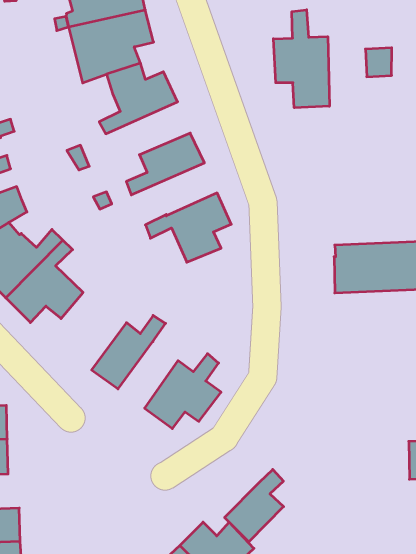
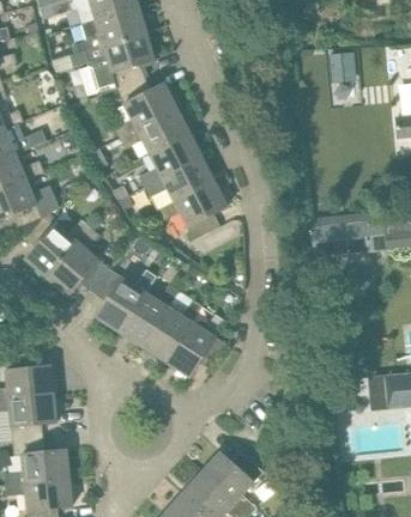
building: [273,10,329,108] -> none
building: none -> [120,108,189,153]
building: none -> [144,157,214,202]
building: none -> [92,269,156,333]
building: none -> [143,300,200,361]
building: [225,469,284,542] -> none

